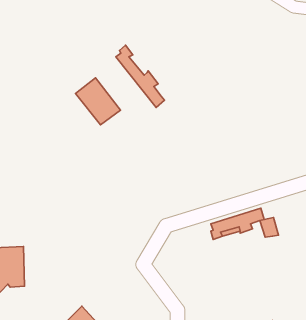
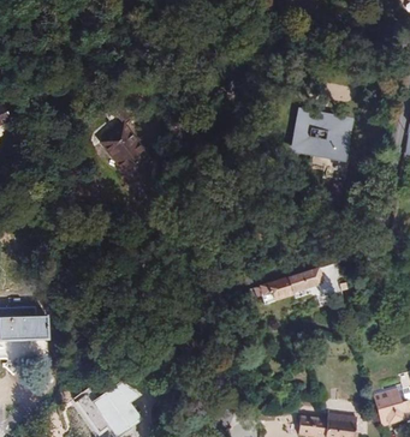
building: [116,45,165,108] -> none
building: none -> [299,114,355,176]

